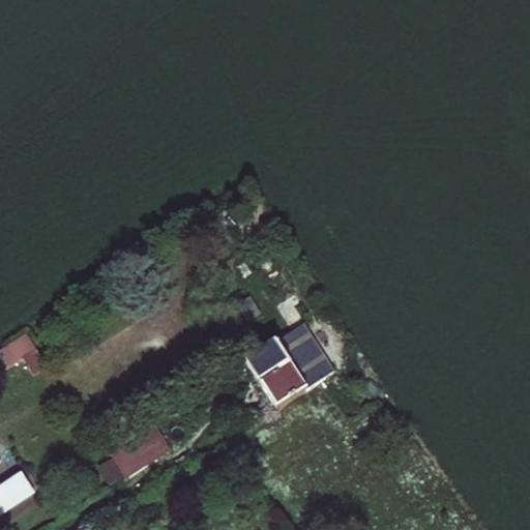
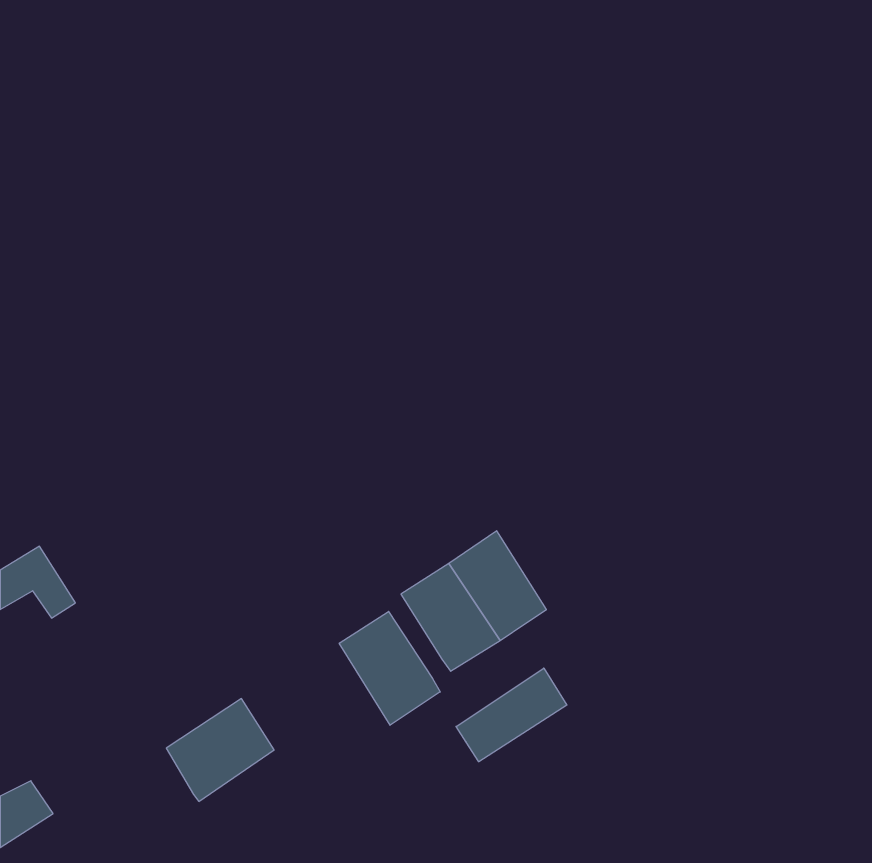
building: none -> [339,611,440,725]
building: none -> [456,668,567,762]

